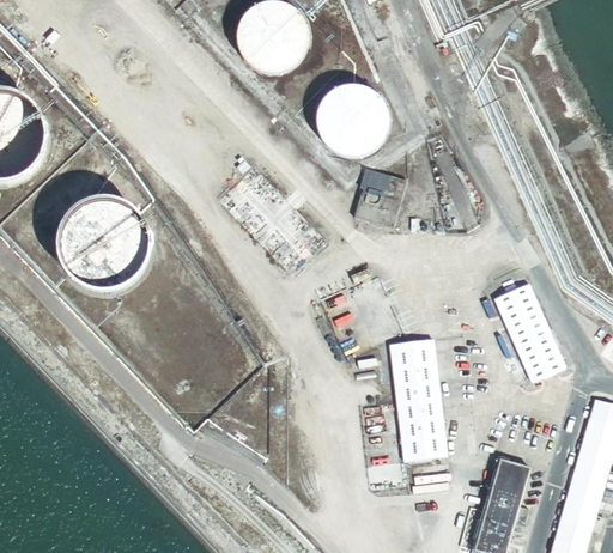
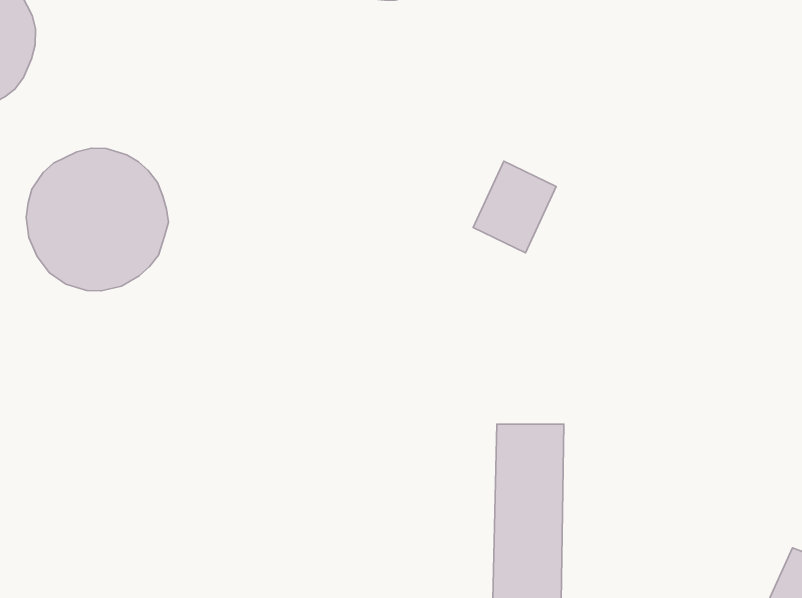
building: [315,84,388,157] -> none
building: [493,282,566,381] -> none

